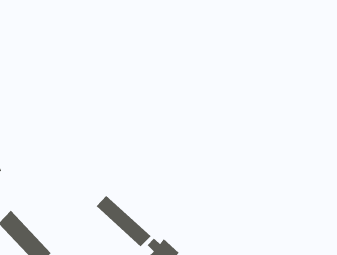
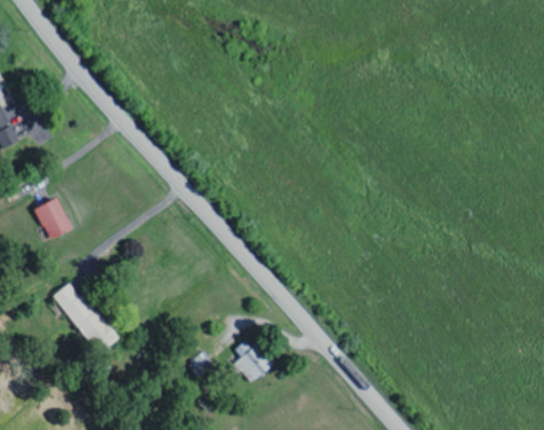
building: [96,195,152,247] -> none

